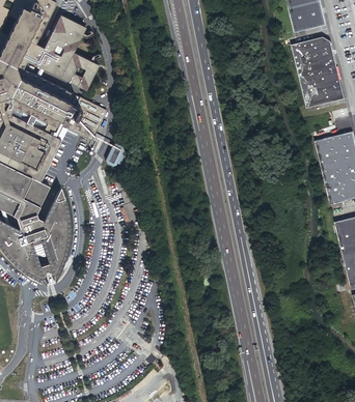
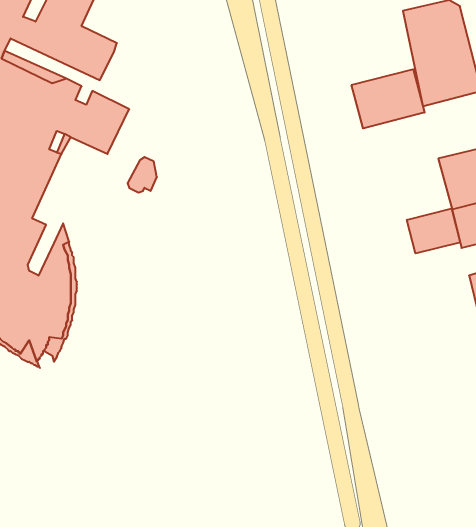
building: none -> [352,69,425,128]
building: none -> [407,209,460,253]

